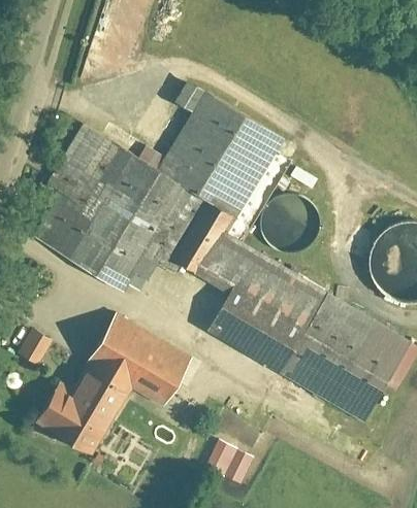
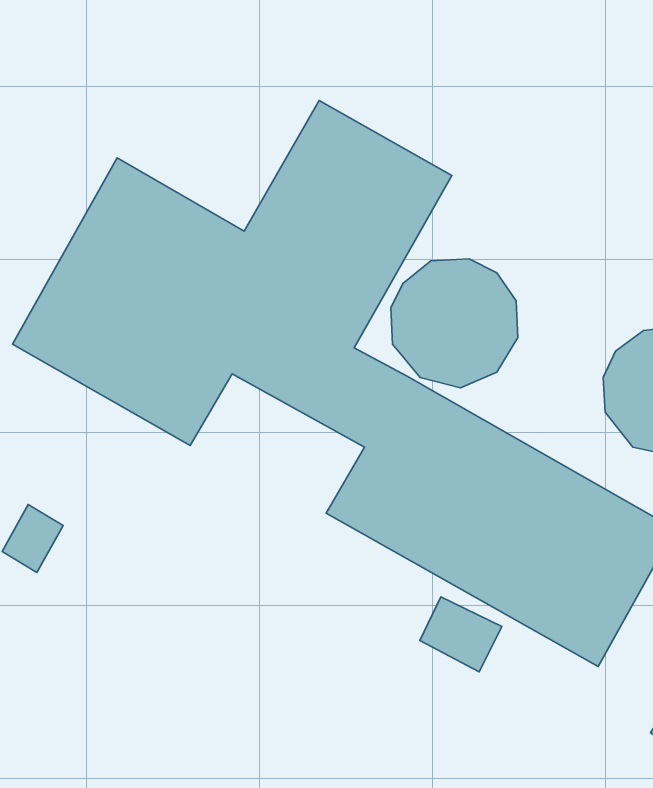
building: [35,308,196,461] -> none
building: [205,438,254,482] -> [420,597,502,672]

